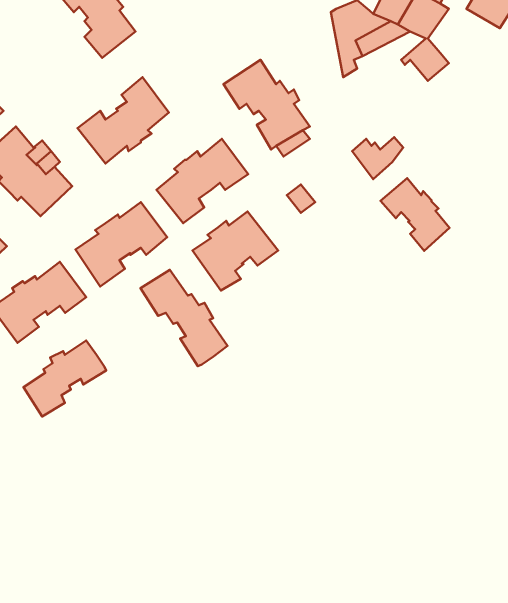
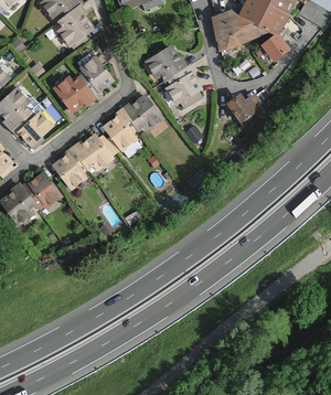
building: [381,178,449,251] -> none
building: [192,211,278,291] -> none
building: [141,270,227,366] -> none
building: [24,341,106,417] -> none

